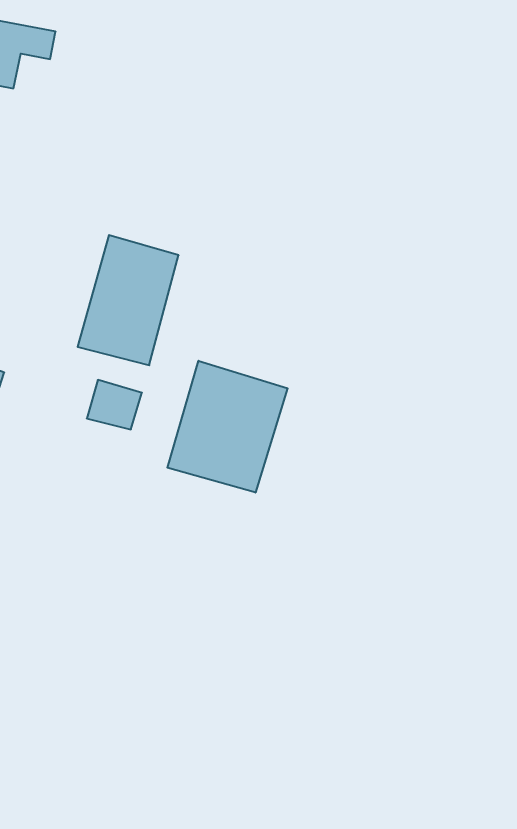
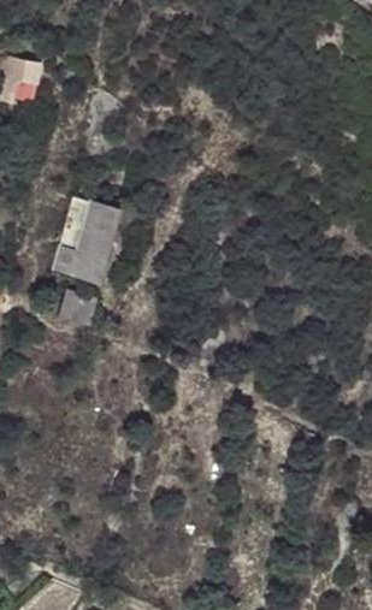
building: [167,361,288,493] -> none

